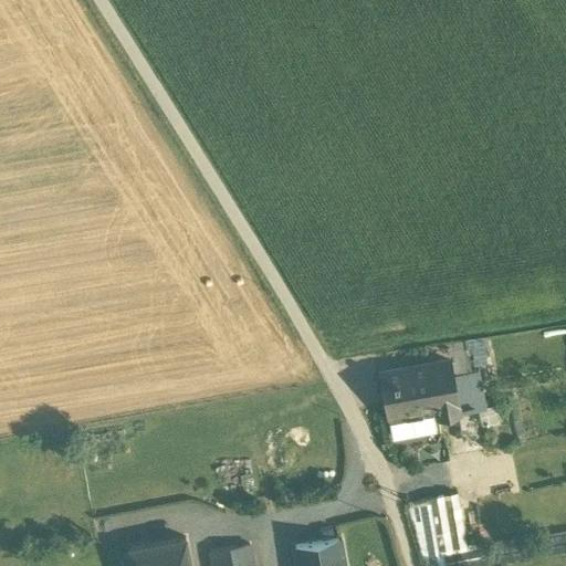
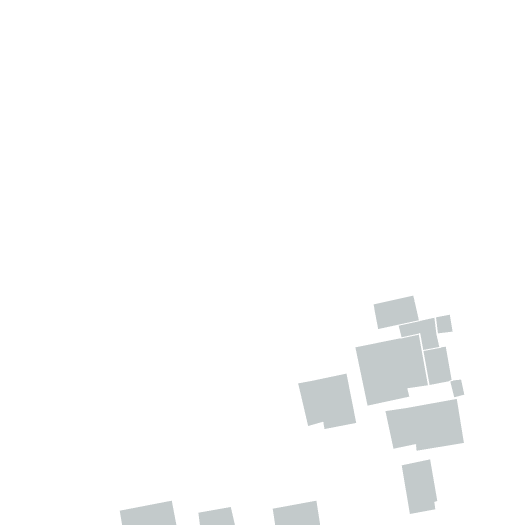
building: none -> [373,295,419,330]
building: none -> [298,373,357,430]
building: none -> [385,398,464,451]

